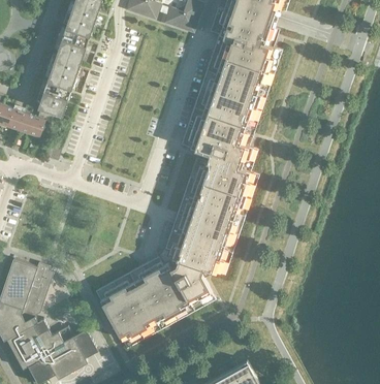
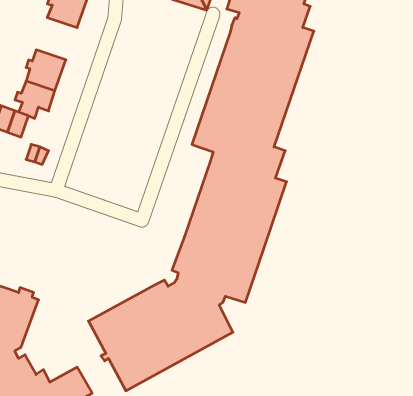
building: [52,39,86,74] -> none

